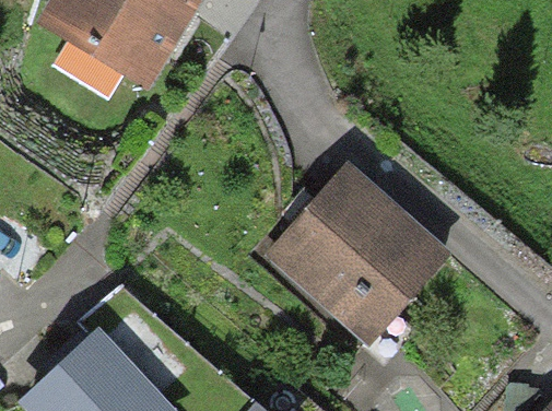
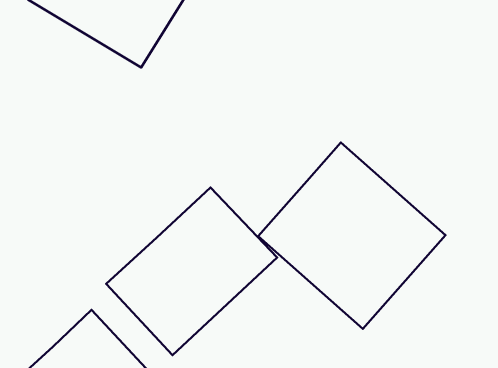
building: none -> [106,187,277,355]

